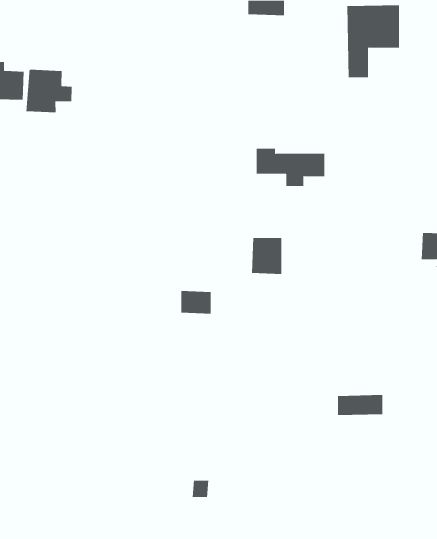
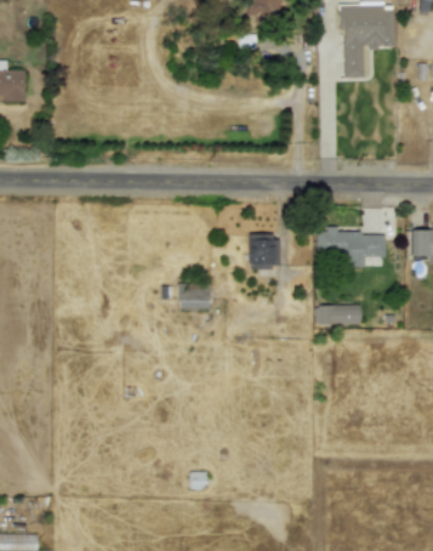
building: [26,69,72,113] -> none
building: [256,148,325,187] -> [318,228,386,266]
building: [337,395,383,416] -> [315,305,360,325]

